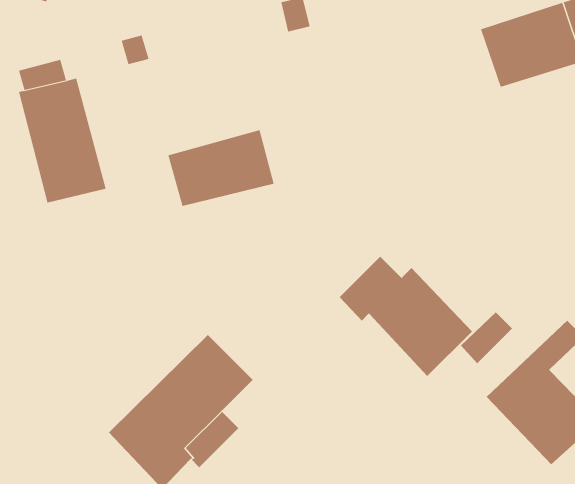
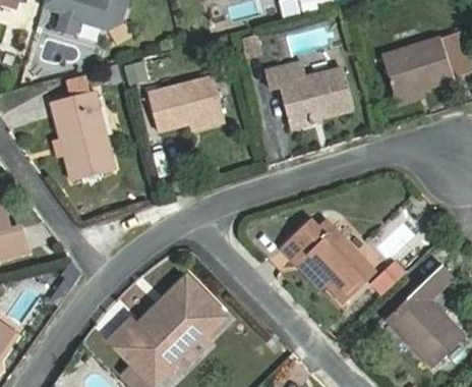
building: none -> [264,60,354,125]
building: [167,130,274,207] -> [148,75,224,130]

